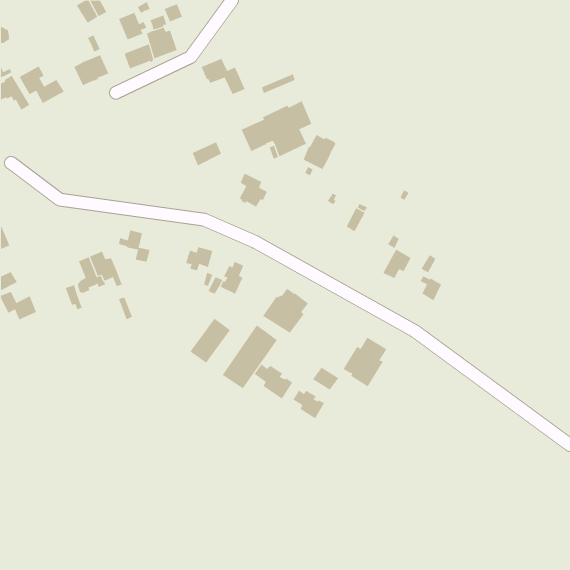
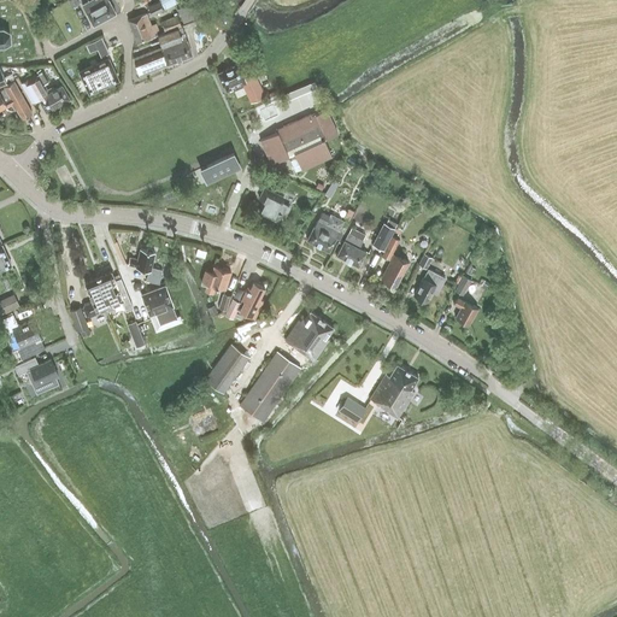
building: [303,134,336,170] -> [307,212,343,251]
building: none -> [336,229,366,266]
building: none -> [382,236,409,286]
building: none -> [141,286,177,324]
building: none -> [14,357,59,393]
building: [254,364,293,400] -> none
building: [293,390,325,419] -> none

